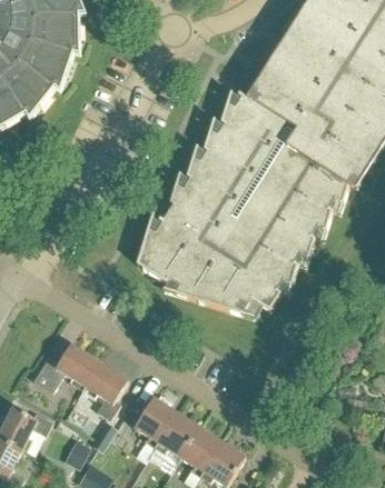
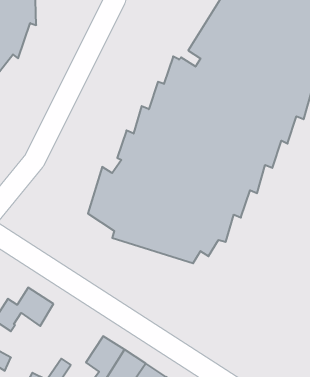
building: [82,362,129,420] -> none

